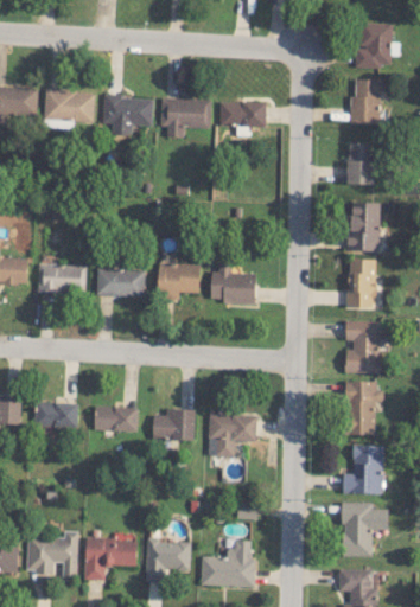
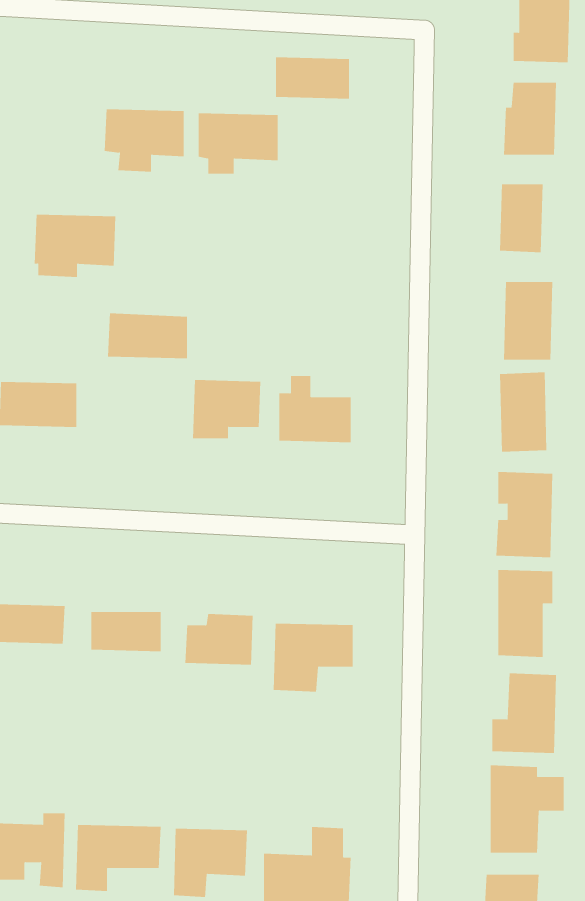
building: [44,90,95,129] -> [34,214,116,278]
building: [219,101,266,127] -> [275,57,350,99]
building: [95,268,145,296] -> [107,313,188,359]

